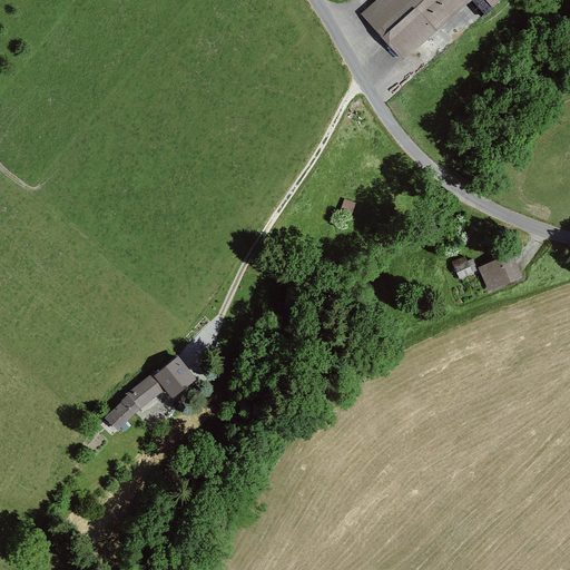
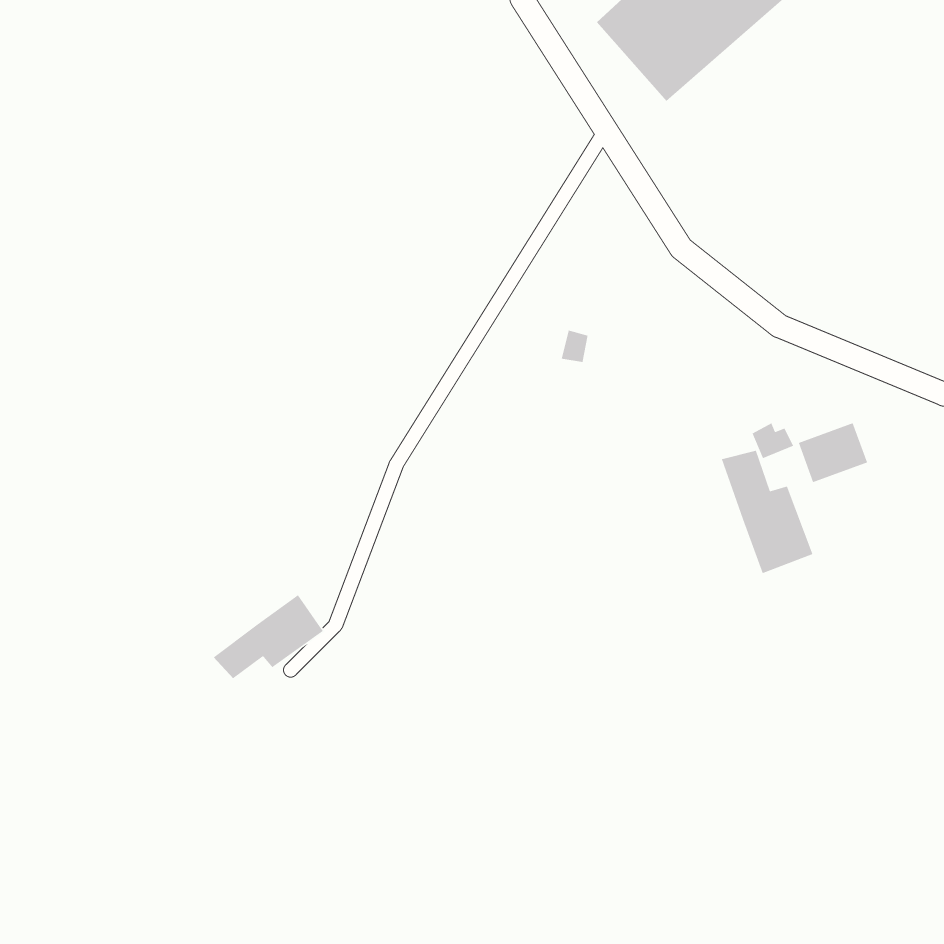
building: none -> [721,450,813,574]
building: [106,395,140,429] -> none

